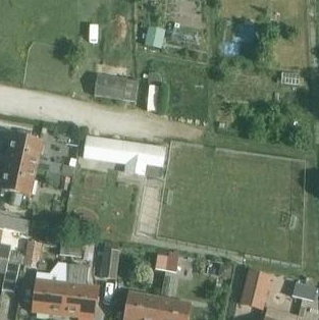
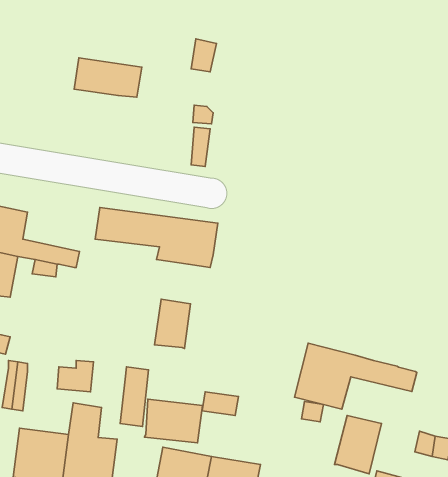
building: [95,74,139,100] -> [74,58,142,97]
building: none -> [155,299,191,348]
building: none -> [295,343,417,409]
building: none -> [145,399,203,443]

